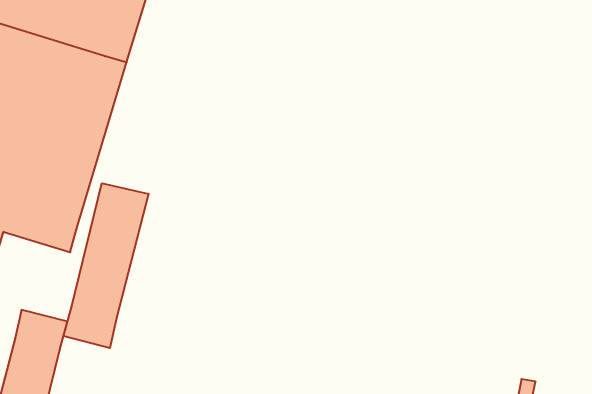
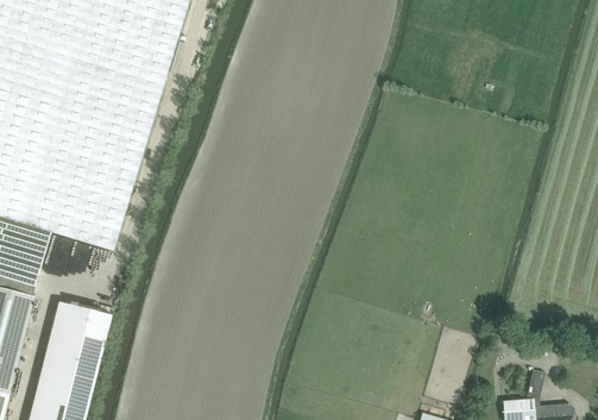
building: [64,183,149,348] -> none

